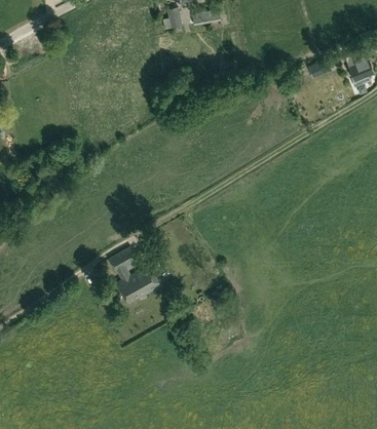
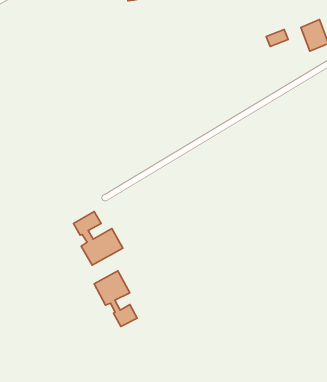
building: none -> [94,271,137,327]

